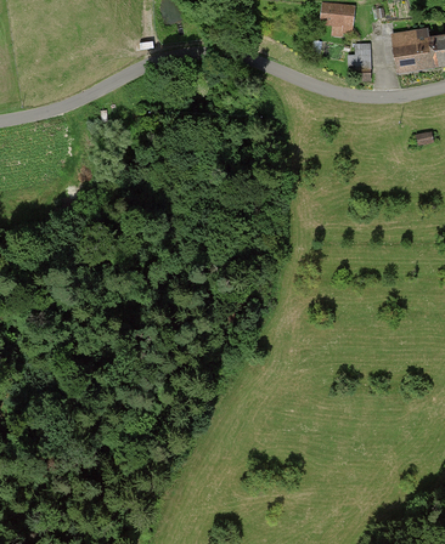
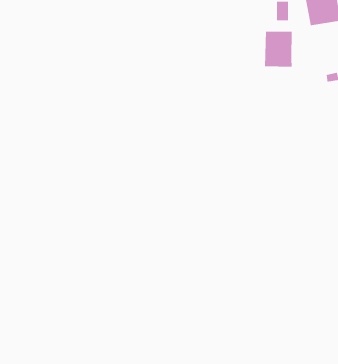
building: none -> [264,31,293,68]

